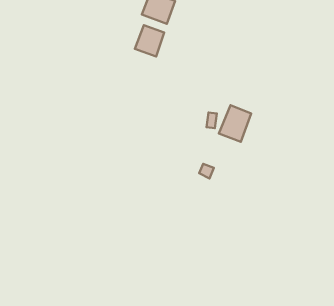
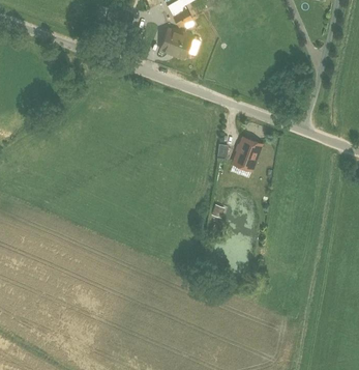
building: [135,25,164,57] -> none

